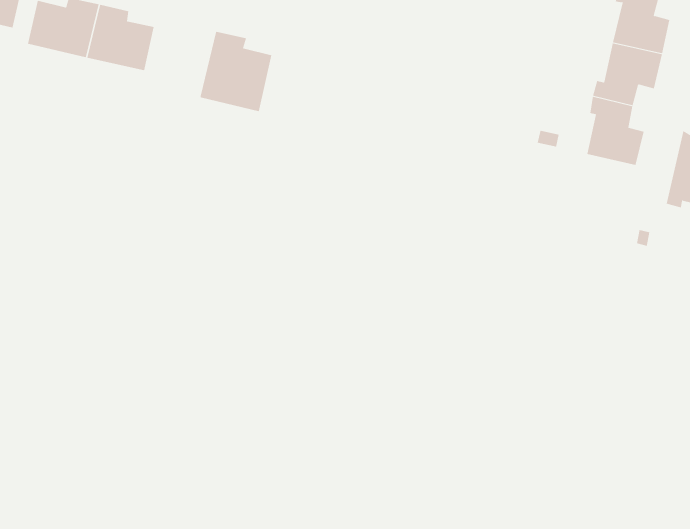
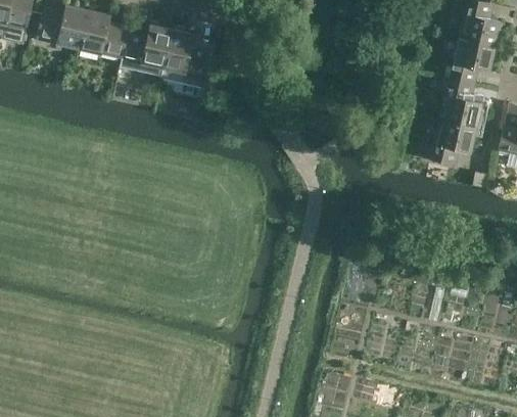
building: none -> [119,26,172,78]
building: none -> [425,120,475,166]

